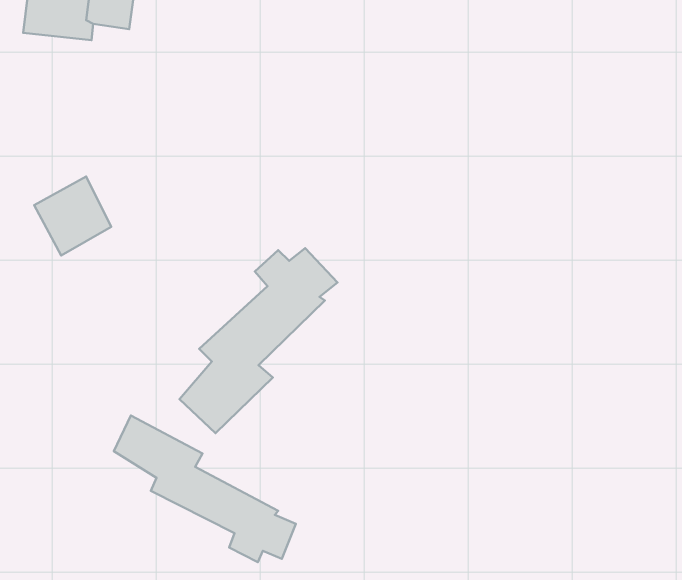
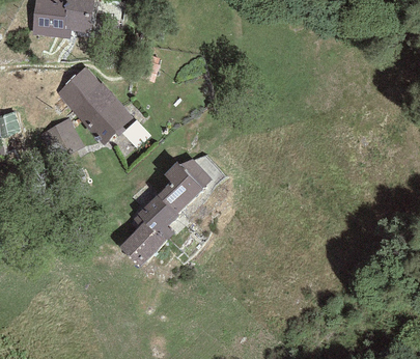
building: none -> [58,66,135,144]
building: [114,416,296,562] -> none

